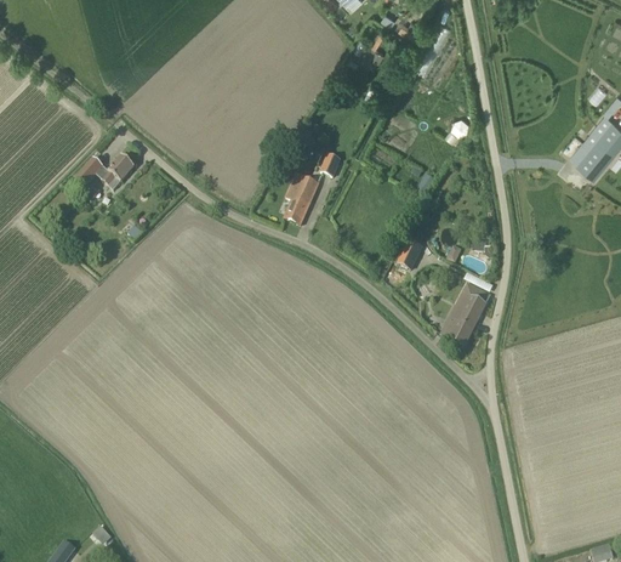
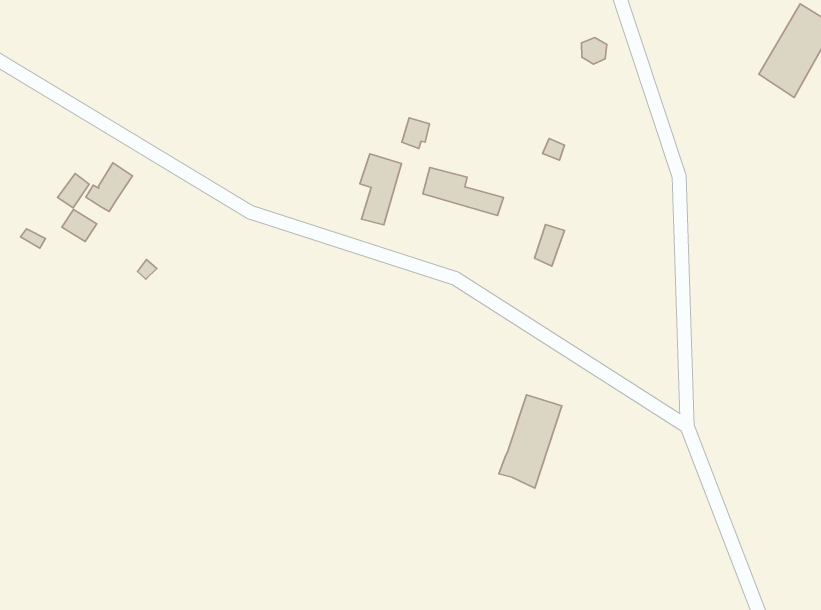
building: none -> [423,168,504,216]
building: [440,284,490,348] -> [499,395,562,488]

